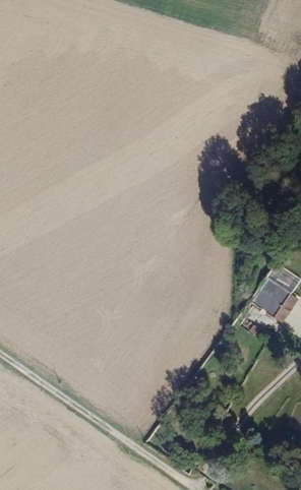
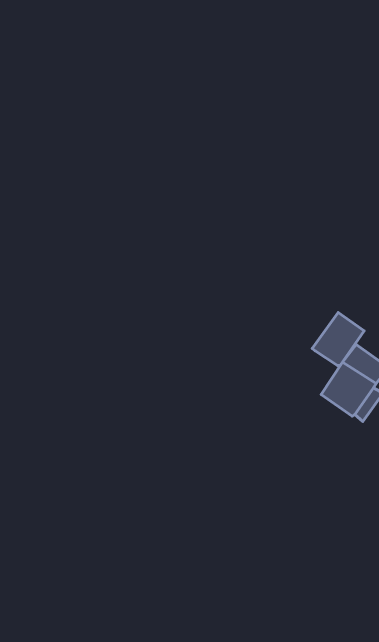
building: none -> [312,312,364,366]

